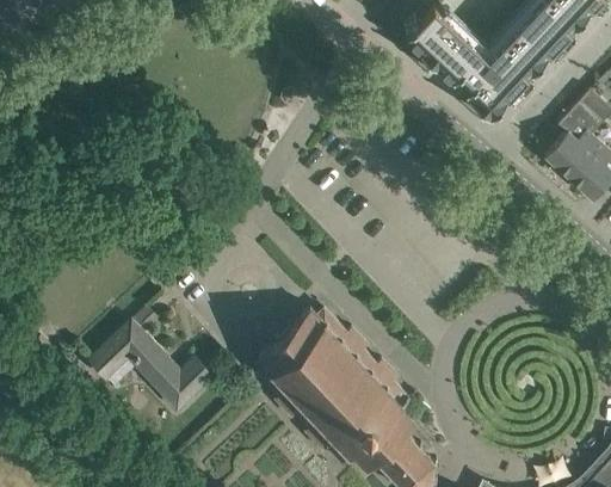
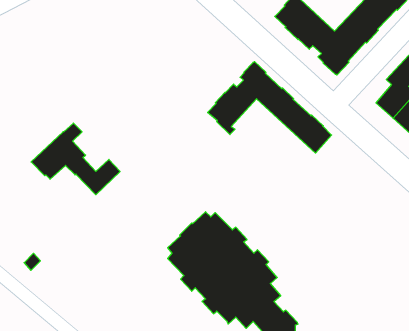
building: none -> [208,62,332,153]
building: [87,304,210,403] -> [31,123,120,195]

